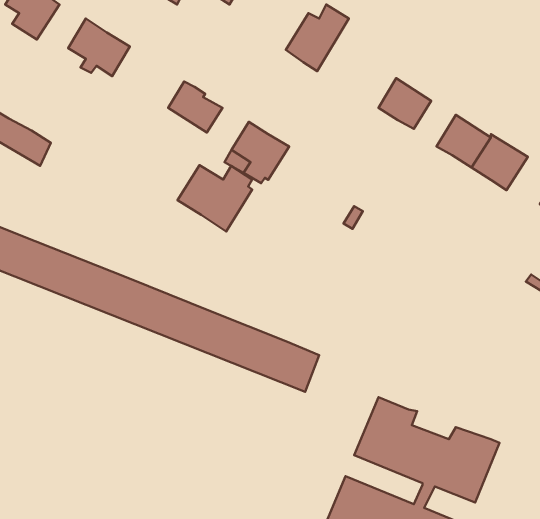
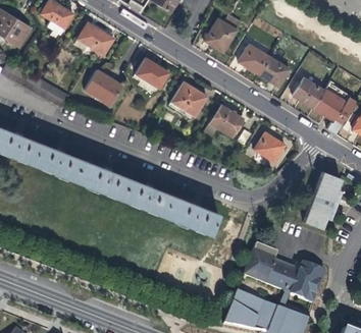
building: none -> [238,44,268,73]
building: none -> [85,70,121,105]
building: none -> [209,105,242,136]
building: [177,165,252,231] -> none
building: none -> [254,132,285,162]
building: none -> [307,172,346,231]

